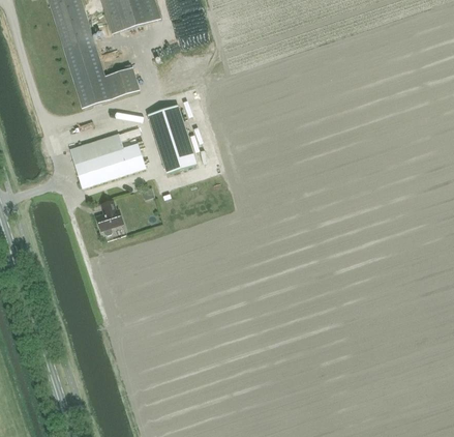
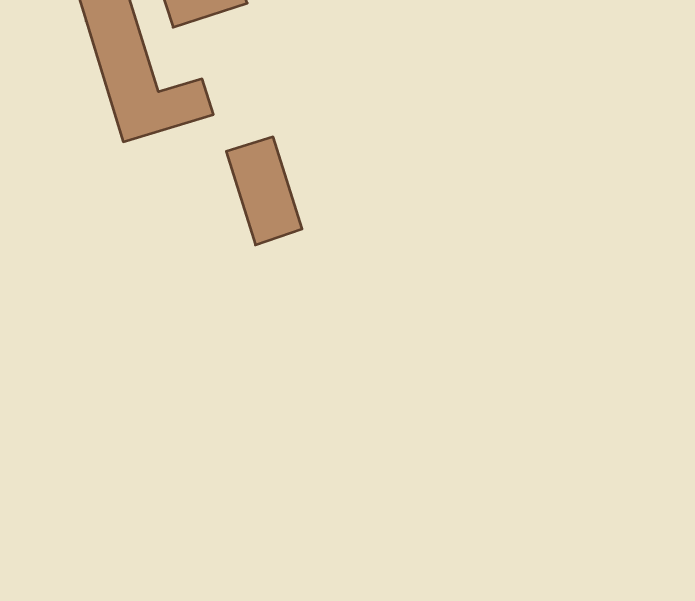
building: [70,134,146,188] -> none
building: [97,200,123,235] -> none

